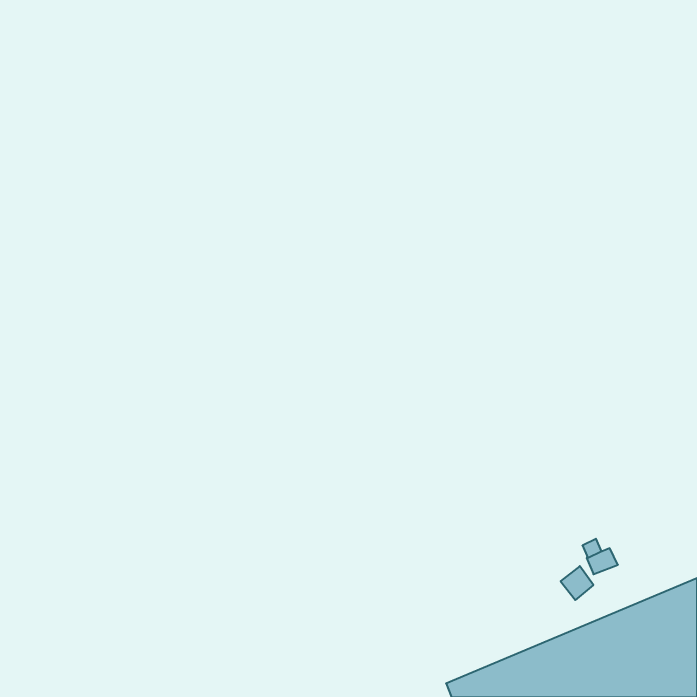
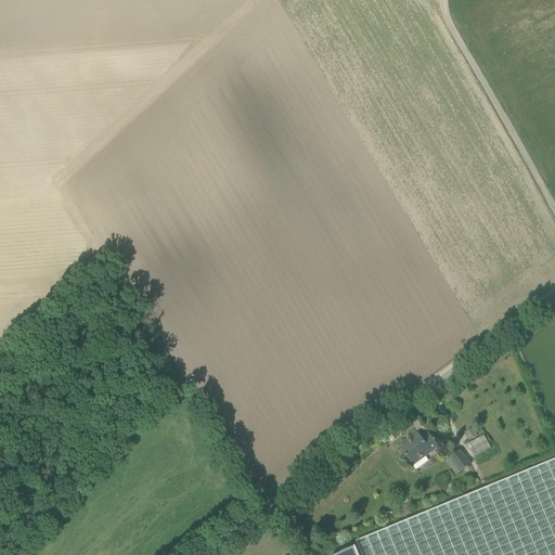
building: none -> [400,434,438,466]

